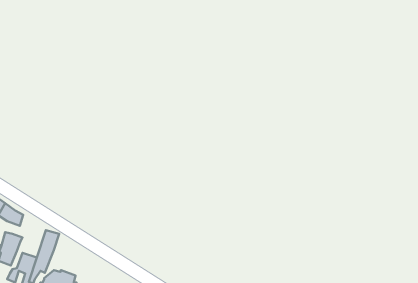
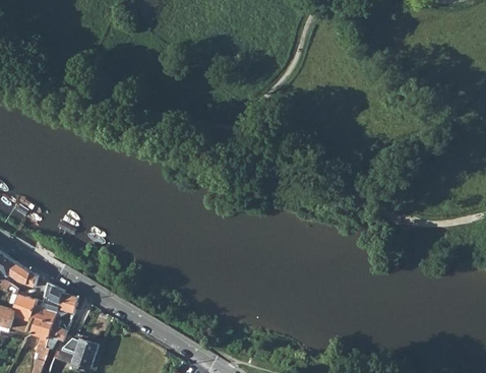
building: none -> [31,282,64,324]

